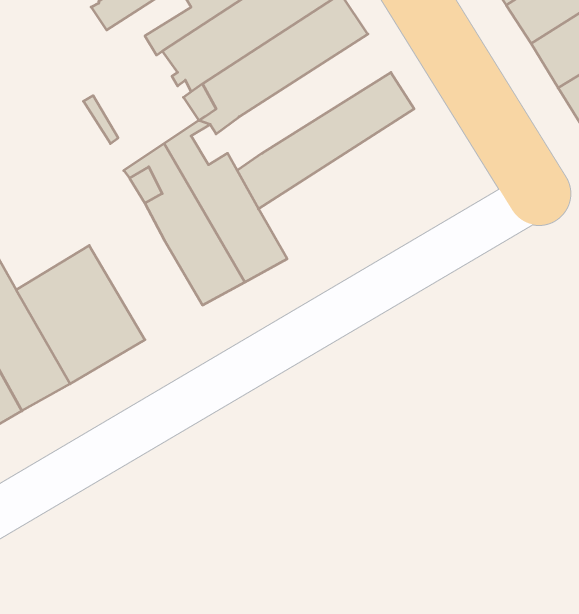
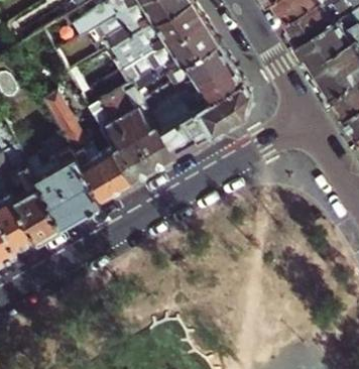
building: none -> [150,42,230,105]
building: none -> [160,82,251,160]
building: none -> [43,95,131,203]

